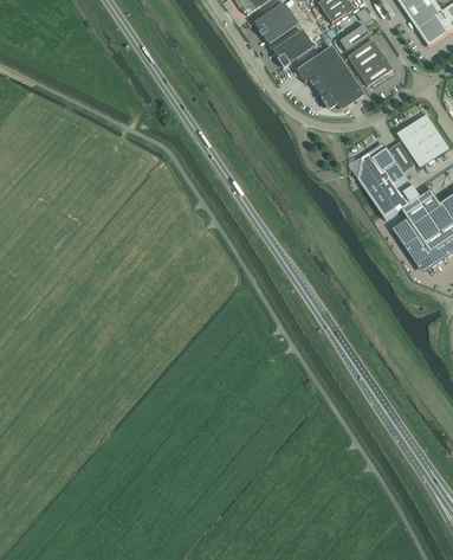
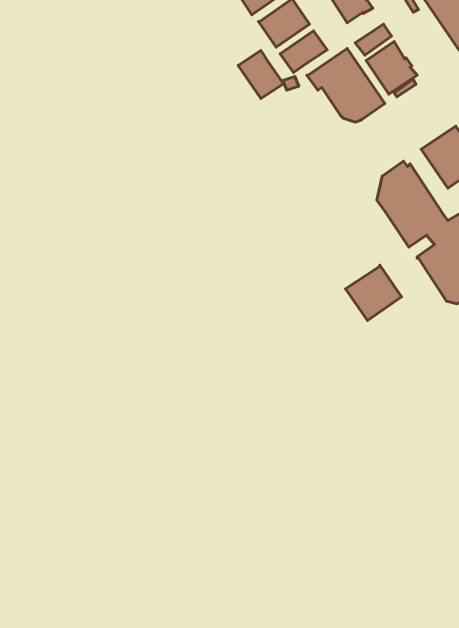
building: none -> [238,51,283,99]
building: none -> [346,265,402,321]

